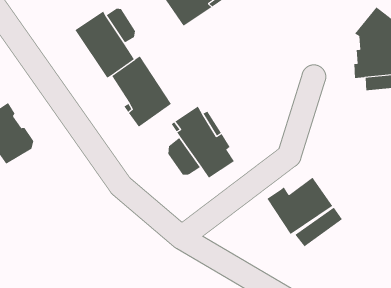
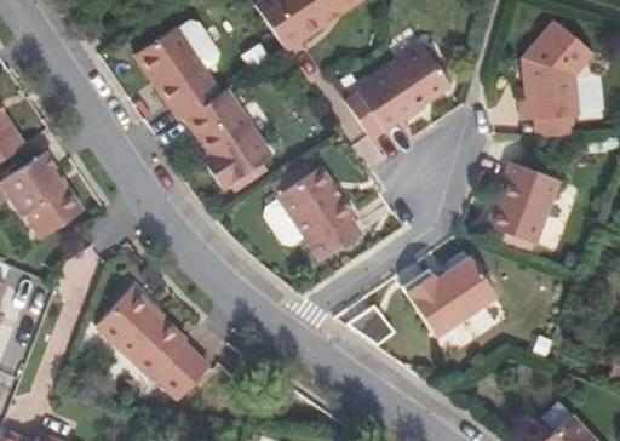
building: none -> [349,47,450,137]
building: none -> [489,161,559,256]
building: none -> [96,294,208,399]

